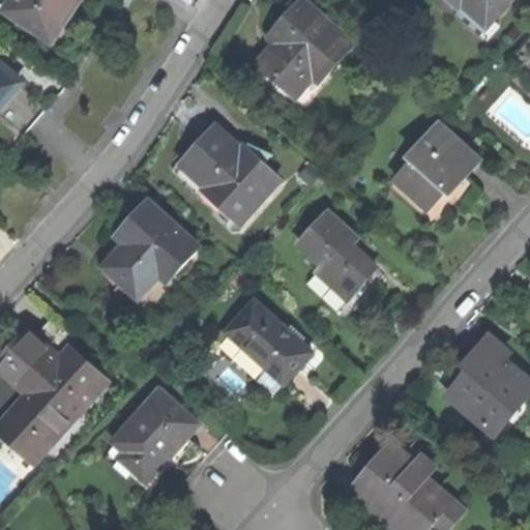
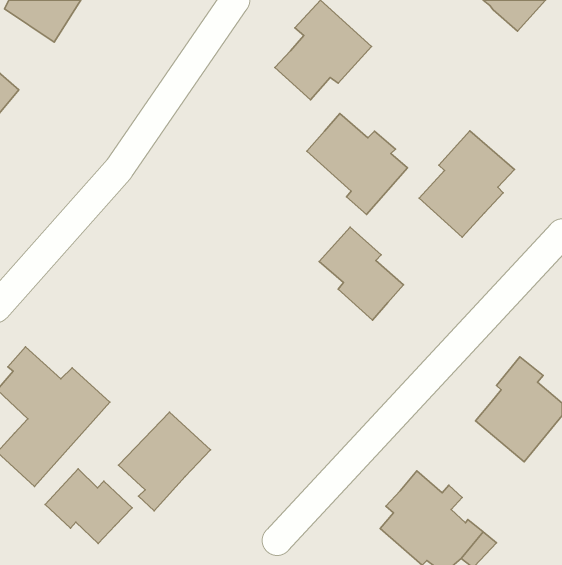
building: [182,124,276,218] -> [307,114,408,214]
building: [101,200,196,297] -> none
building: [225,300,310,382] -> none
building: none -> [45,469,132,543]

